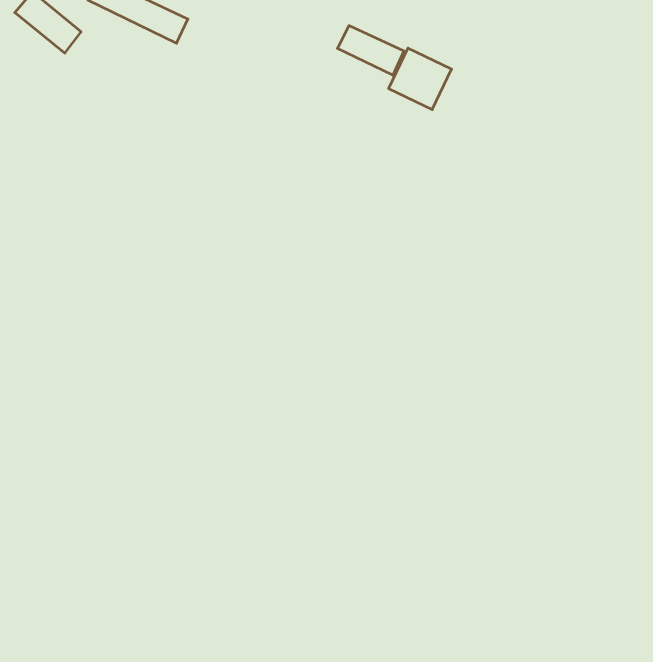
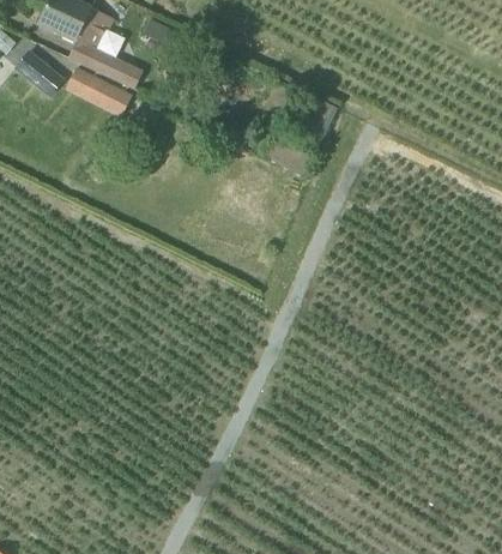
building: none -> [67,65,132,113]
building: [337,26,404,75] -> none

